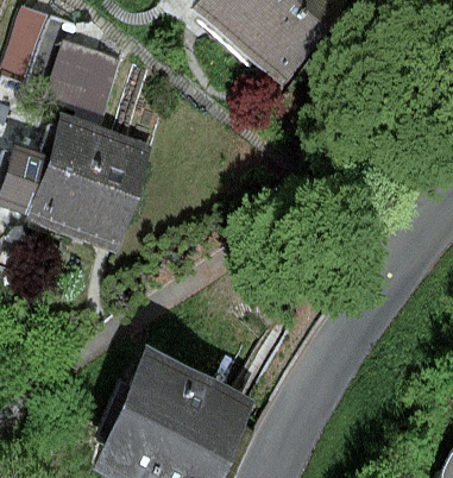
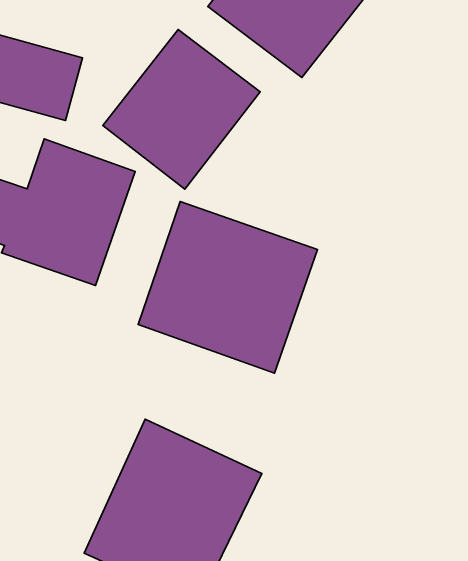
building: none -> [103,29,260,189]
building: none -> [138,201,318,373]

